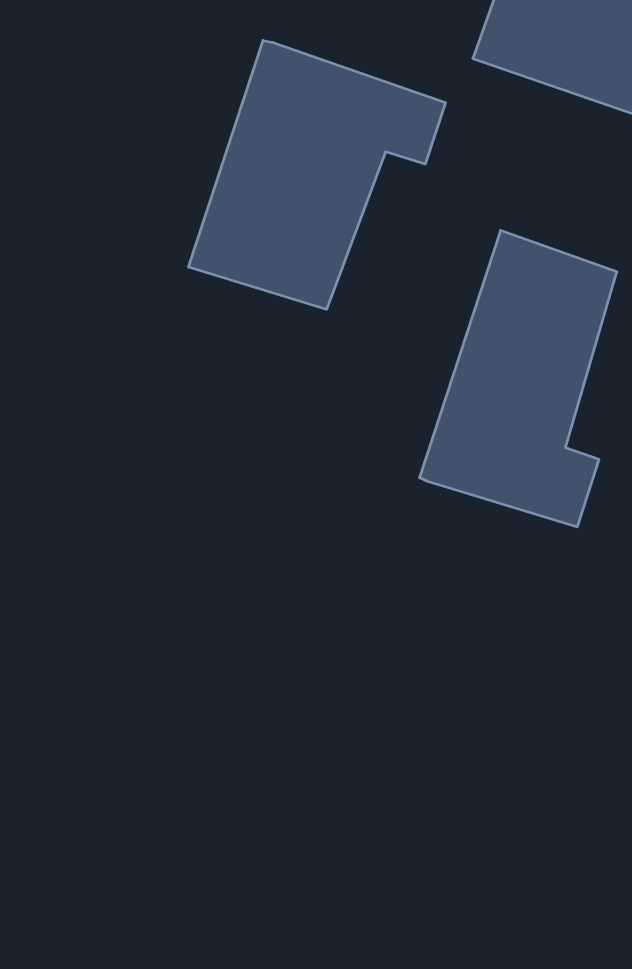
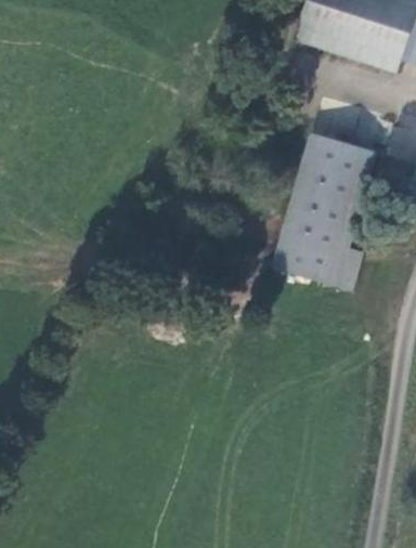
building: [189,40,446,309] -> none

